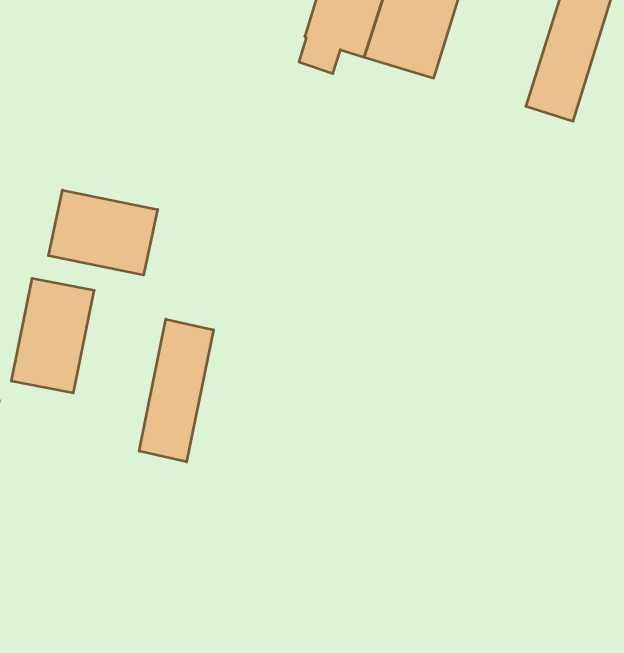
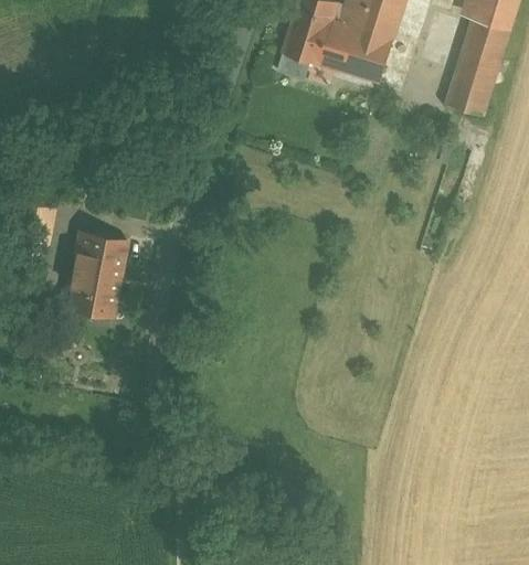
building: [48,190,158,275] -> none
building: [139,319,213,462] -> none

